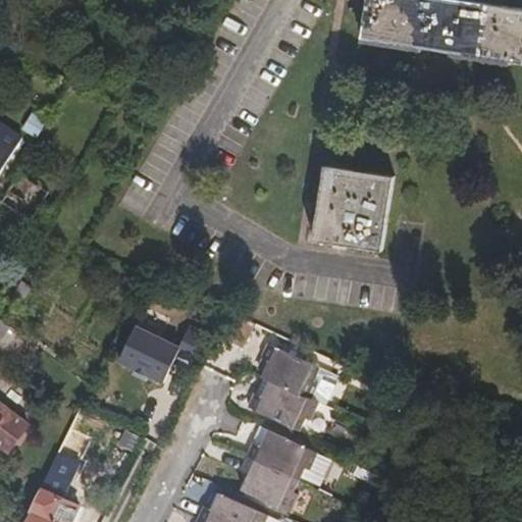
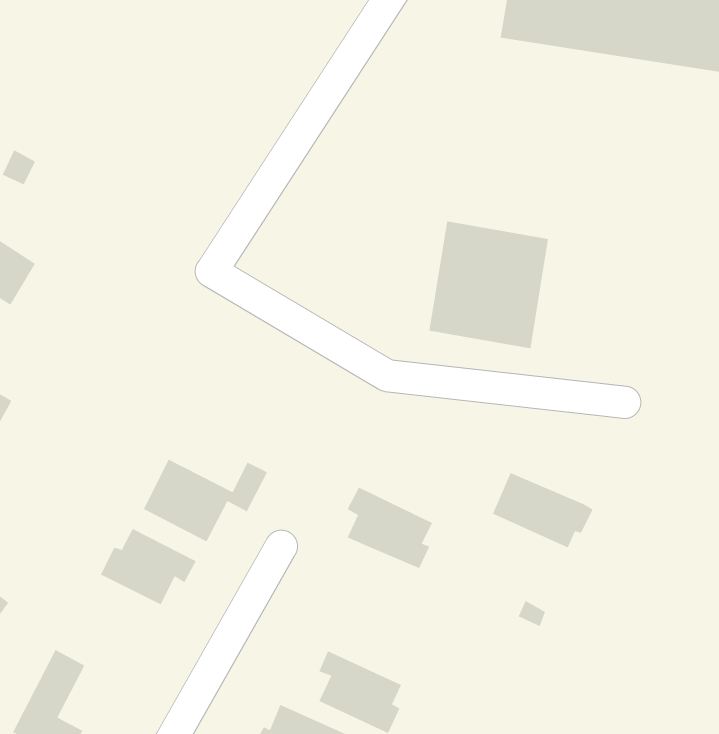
building: none -> [100,528,196,605]
building: [245,380,314,432] -> [492,472,593,548]
building: [244,434,329,492] -> none

